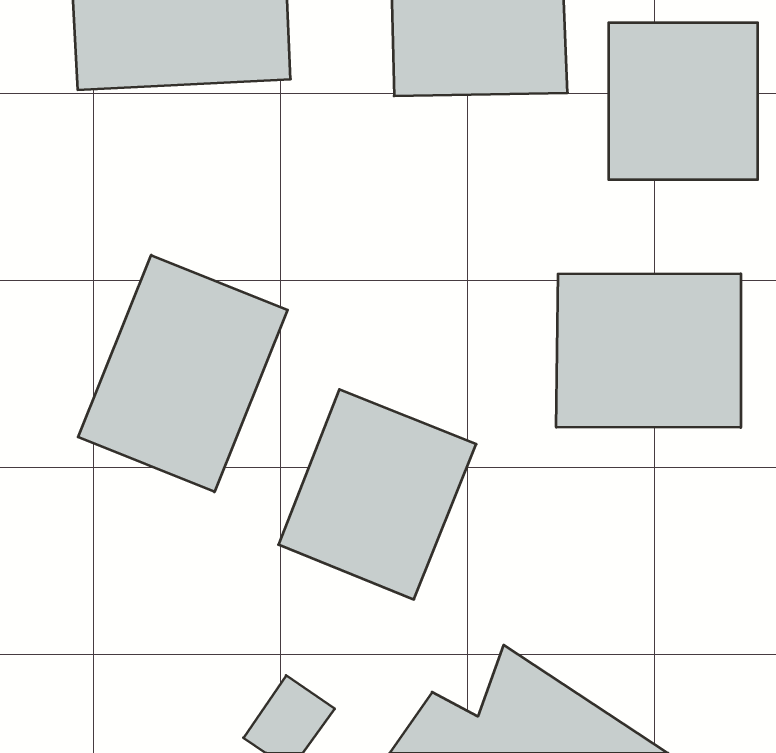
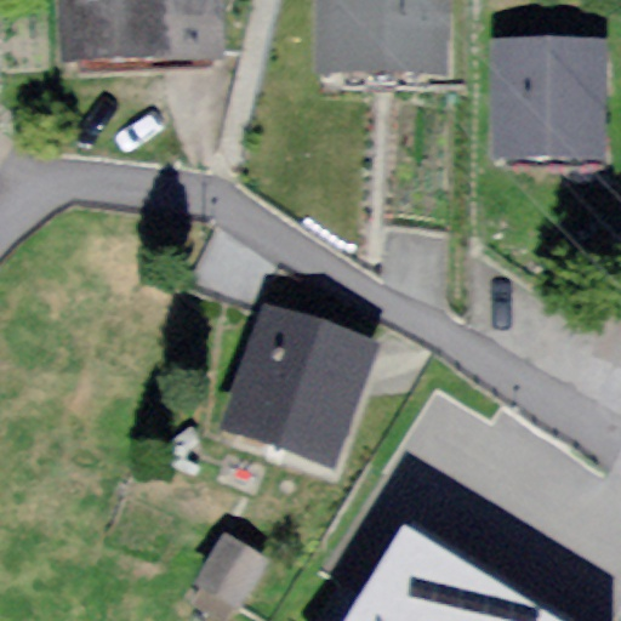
building: [78,255,288,492] -> none
building: [556,274,741,428] -> none

